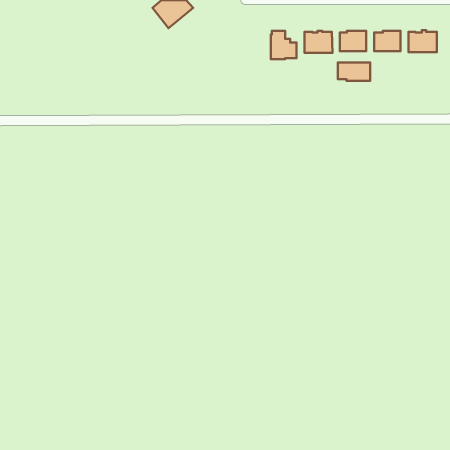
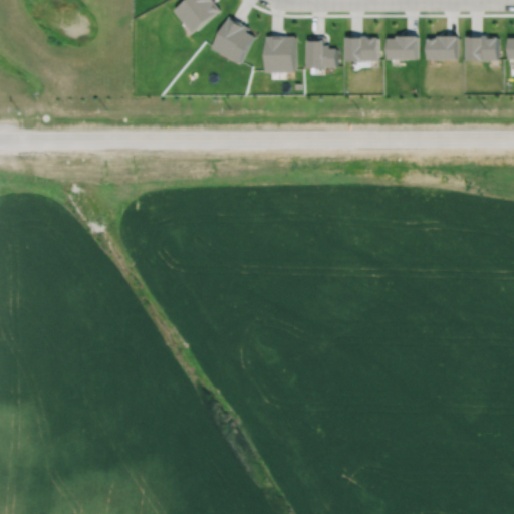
building: none -> [212,16,254,63]
building: none -> [266,36,296,73]
building: [338,63,370,81] -> none

